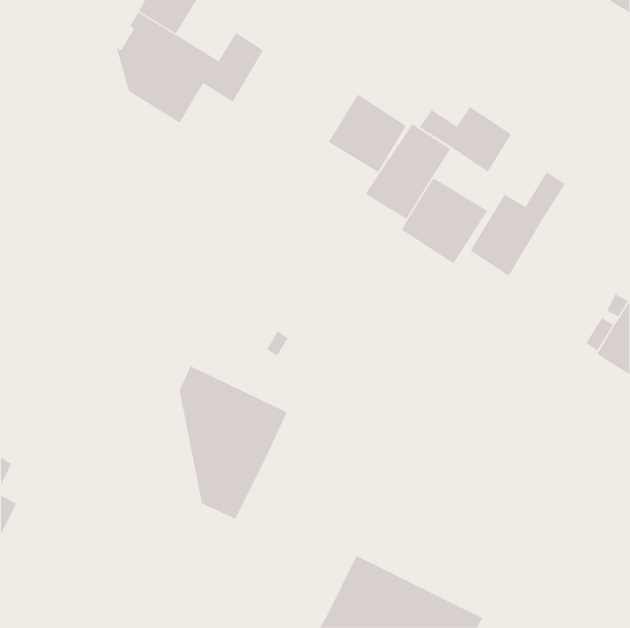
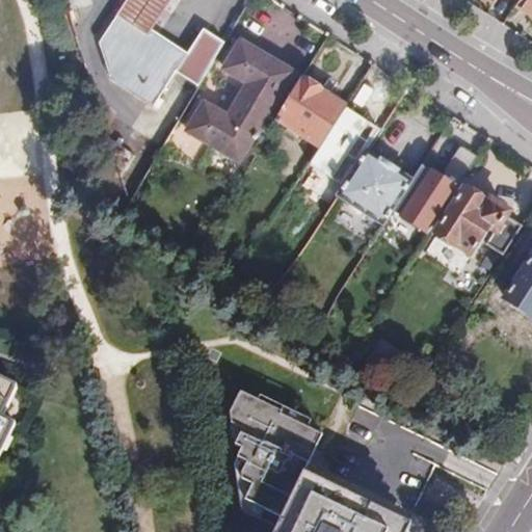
building: none -> [187,42,291,159]
building: [419,106,512,173] -> none
building: none -> [436,189,521,255]
building: [179,365,287,520] -> [228,388,319,517]

